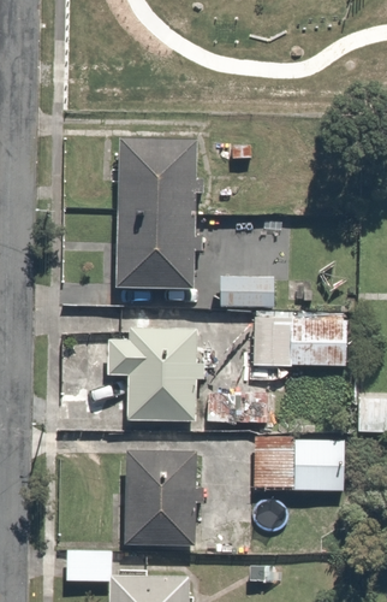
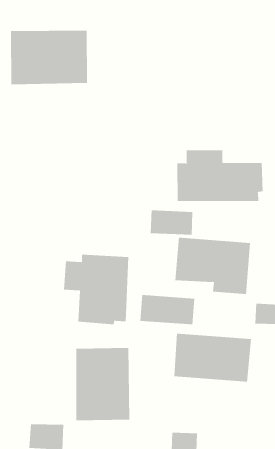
building: none -> [11,30,87,85]
building: [119,142,195,288] -> none
building: none -> [177,149,263,202]

